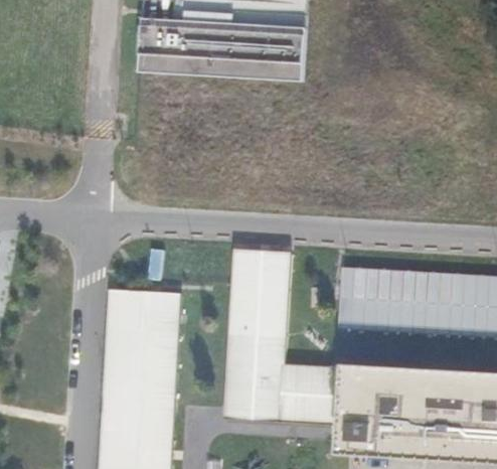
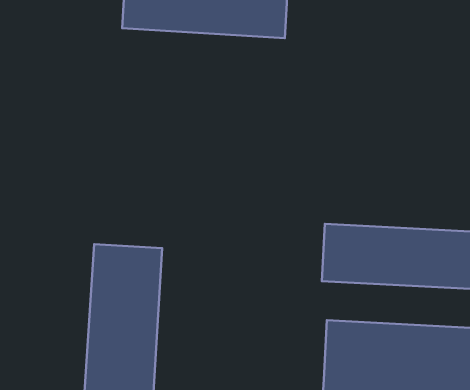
building: [225,246,344,424] -> none

